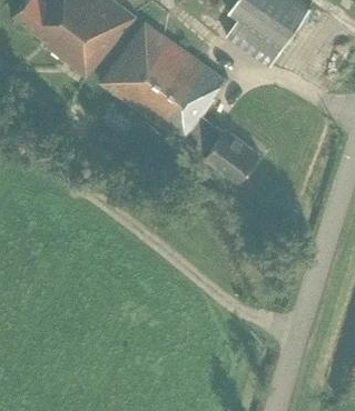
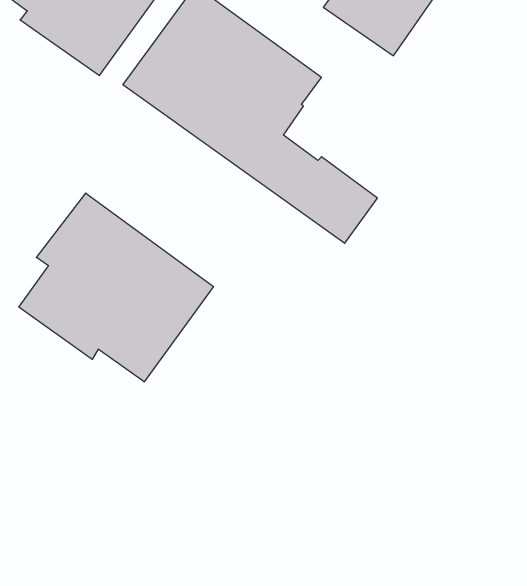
building: none -> [19,193,213,382]

